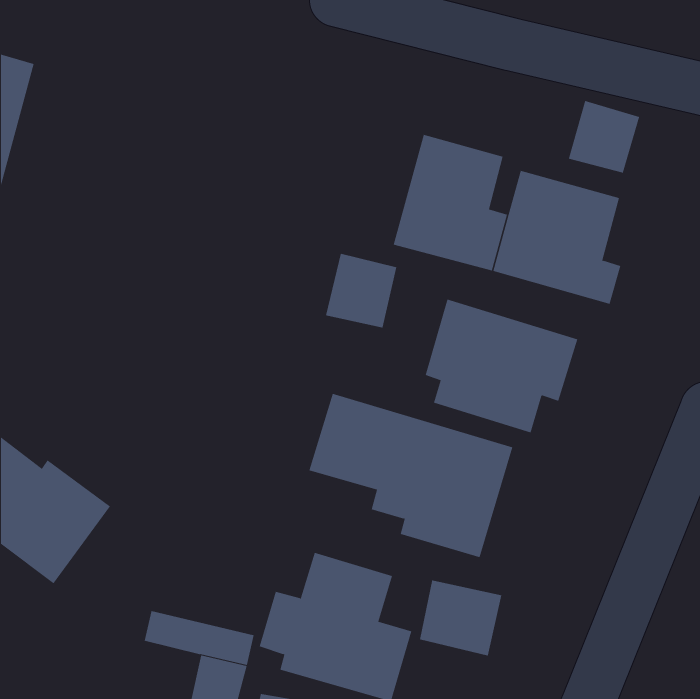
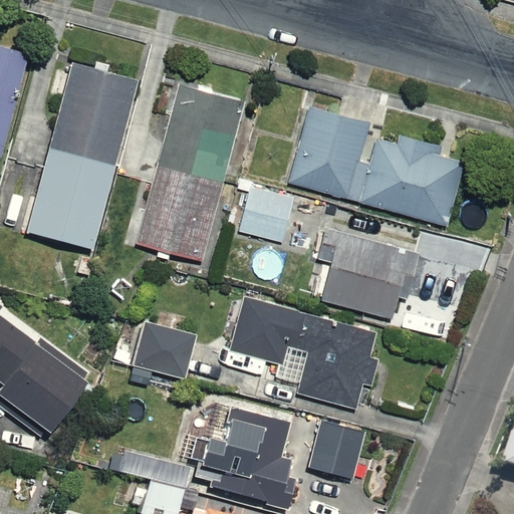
building: none -> [25,65,137,251]
building: [568,100,640,174] -> none
building: none -> [135,83,245,262]
building: none -> [117,324,194,382]

